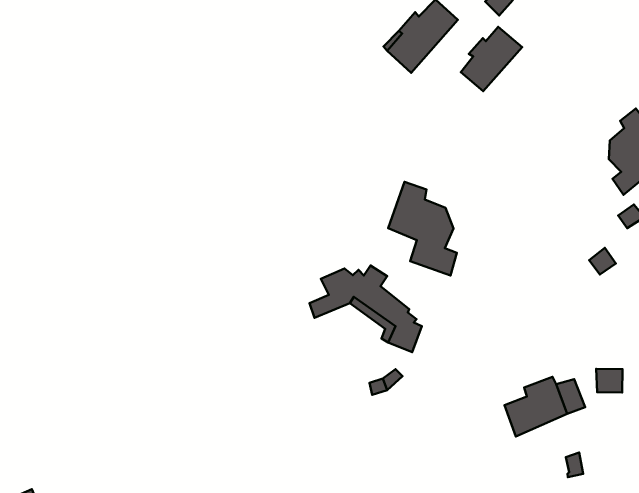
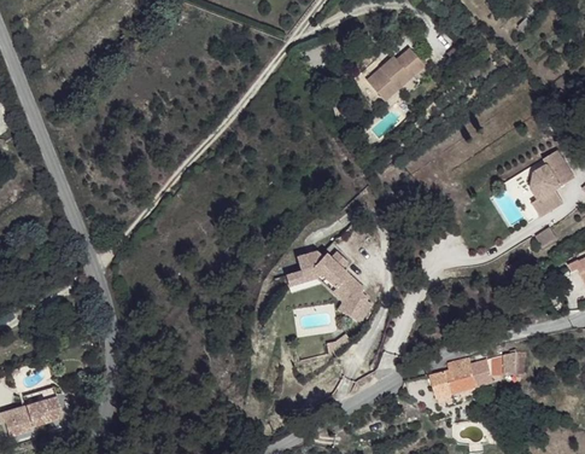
building: [461,27,522,91] -> none
building: [388,182,457,276] -> none

